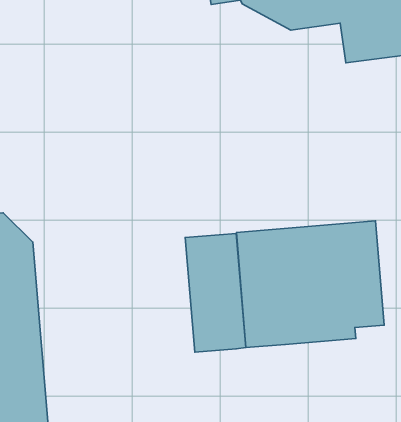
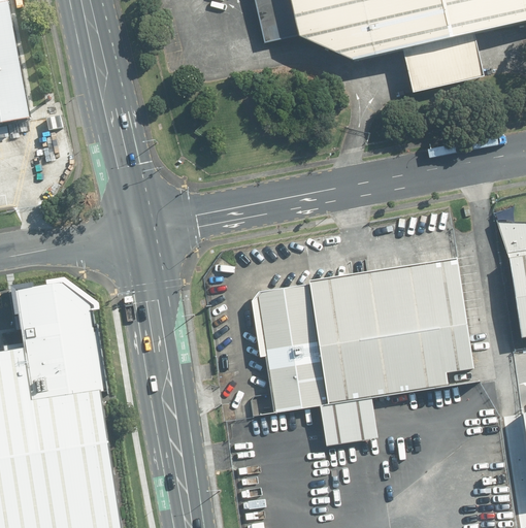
building: none -> [319,395,377,446]

